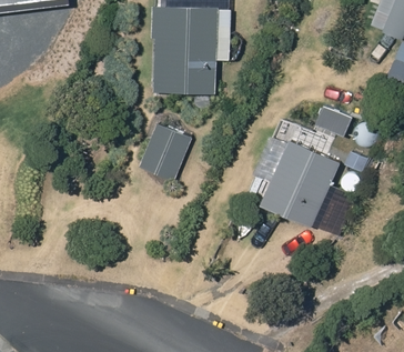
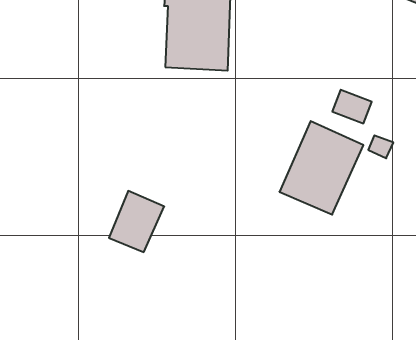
building: [140,123,191,180] -> [109,191,164,252]

